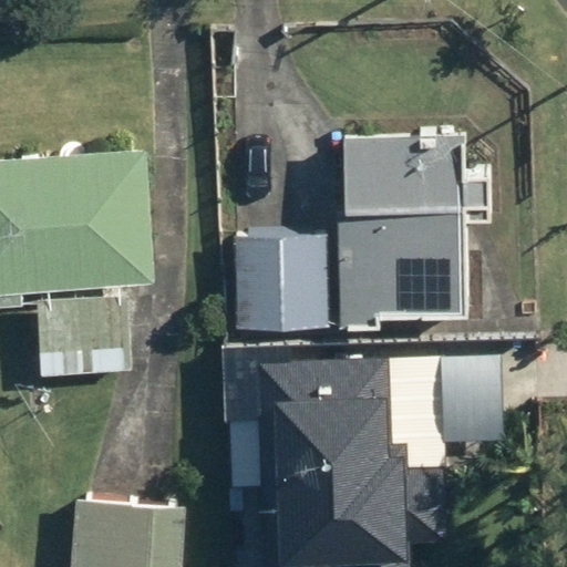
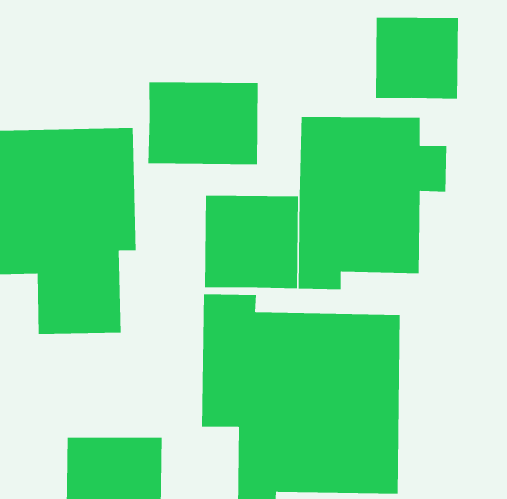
building: none -> [375,17,458,100]
building: none -> [148,81,258,165]

